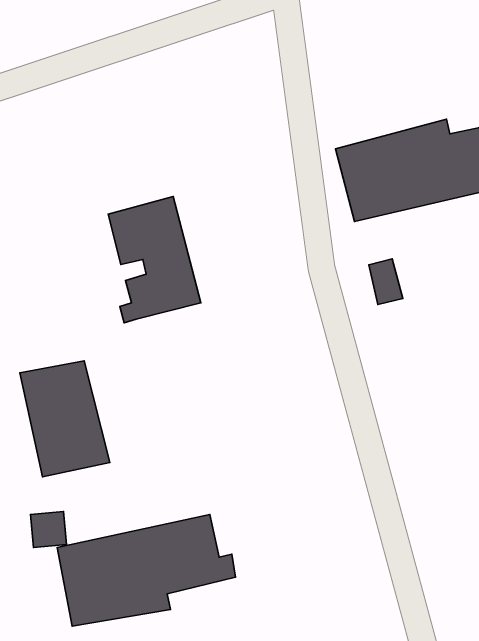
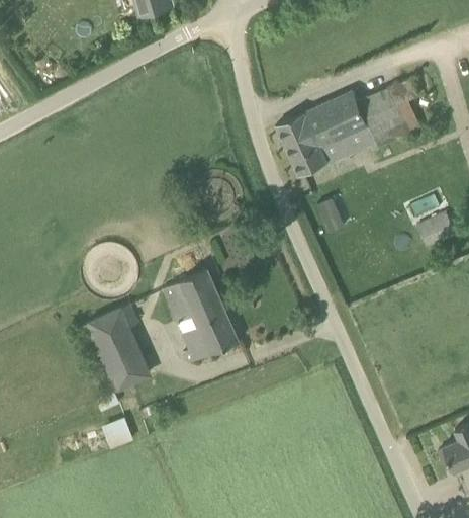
building: [108,197,201,323] -> [163,268,240,364]
building: [57,515,235,626] -> none

